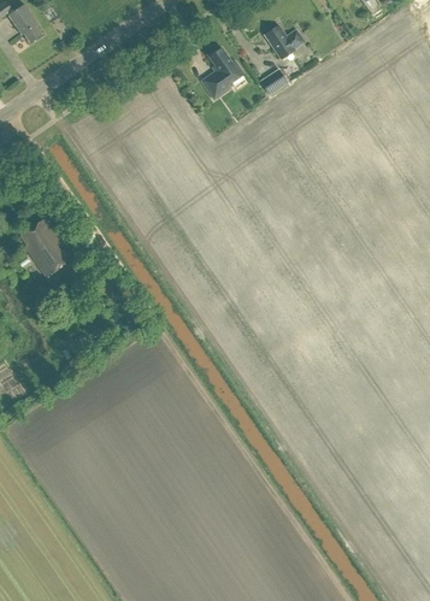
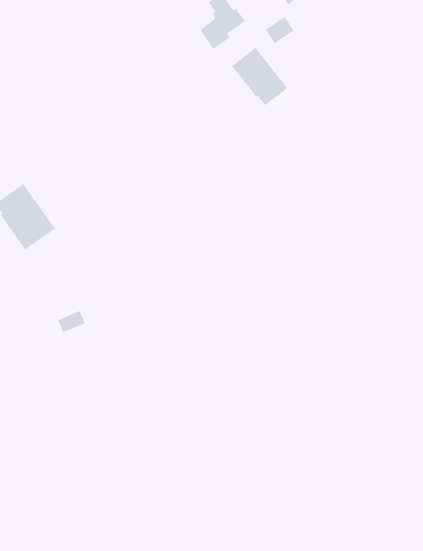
building: none -> [231,47,288,106]

